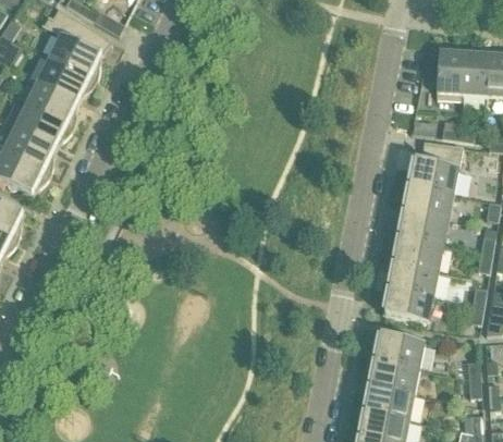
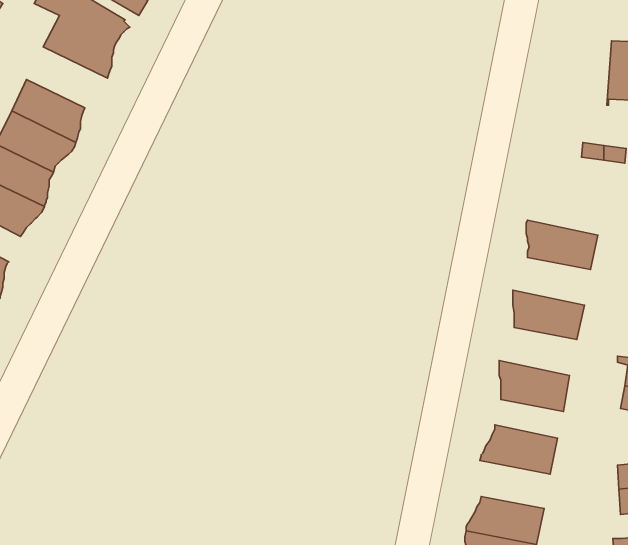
building: [437,50,464,99] -> none
building: [38,57,97,101] -> none
building: [403,140,463,194] -> none
building: [392,210,449,245] -> none
building: [382,261,439,296] -> none
building: [368,358,419,393] -> none

